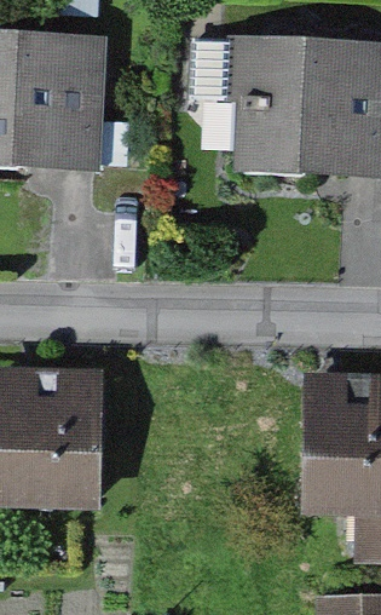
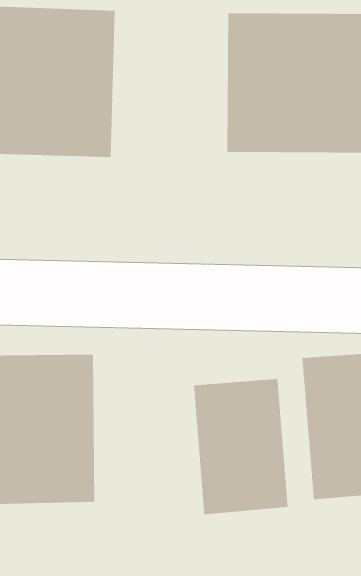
building: none -> [193,378,289,515]

